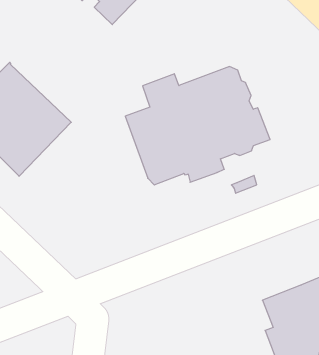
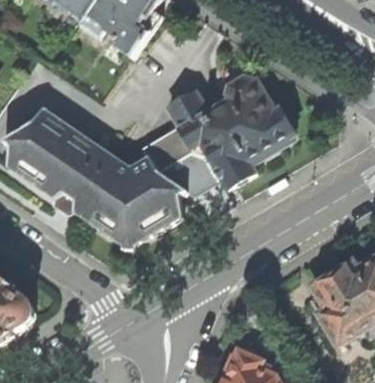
building: none -> [68,137,186,246]

